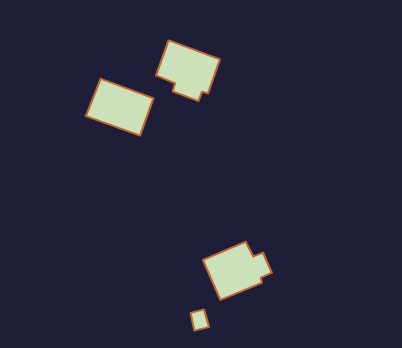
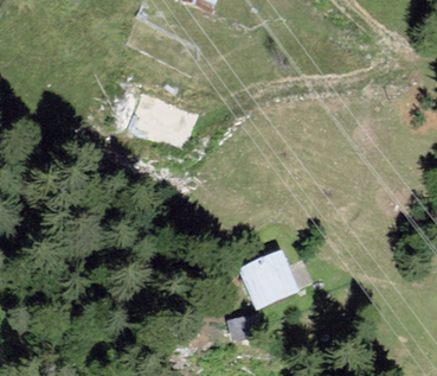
building: [156,40,220,101] -> none

